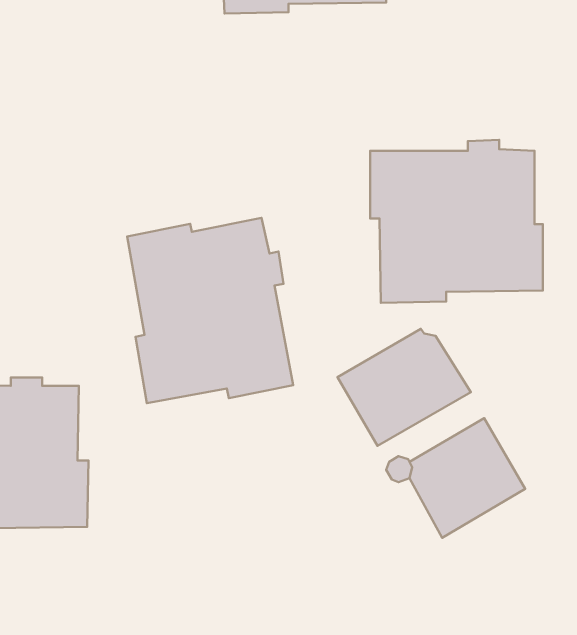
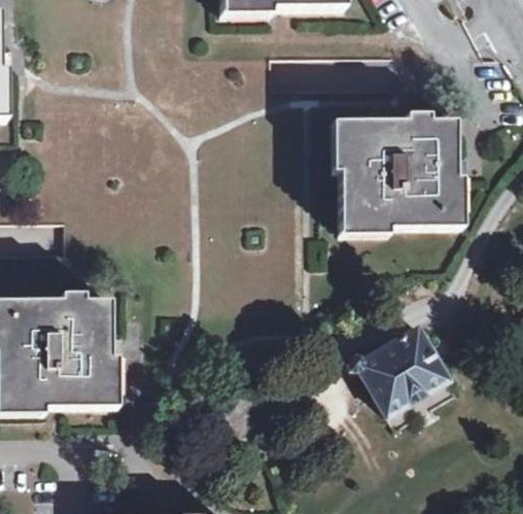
building: [127,218,293,403] -> none
building: [337,329,471,446] -> none

